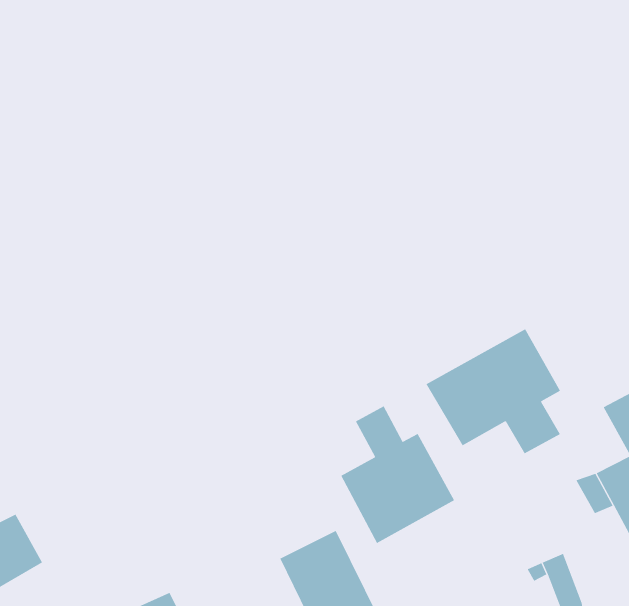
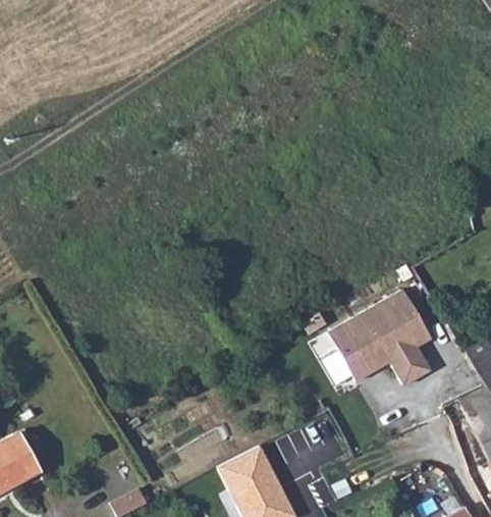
building: [340,405,455,544] -> none

